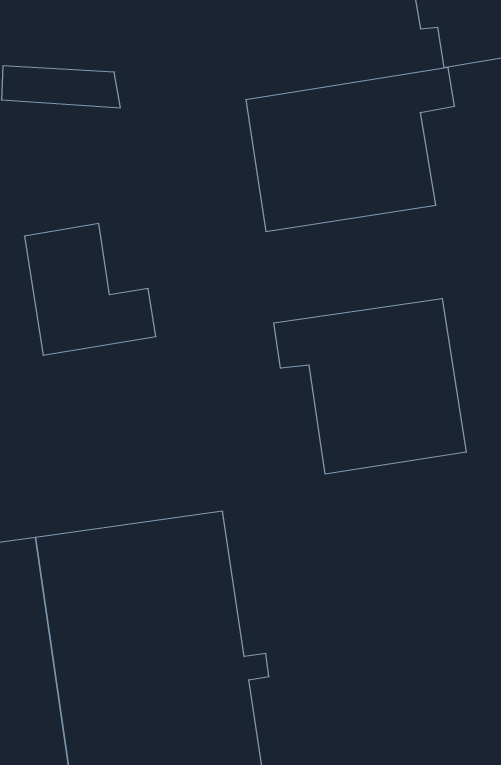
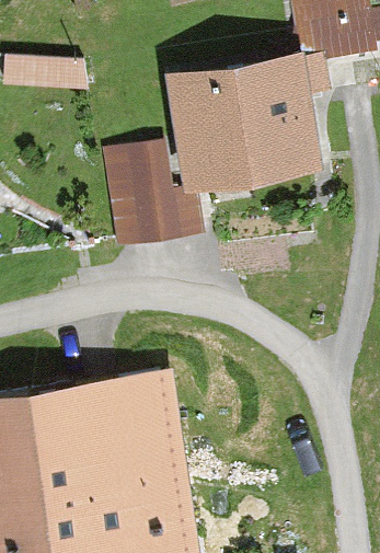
building: [24,224,156,355] -> [107,143,200,237]
building: [274,298,466,474] -> none

